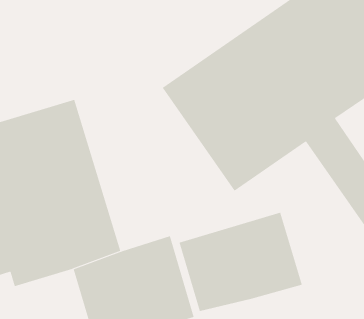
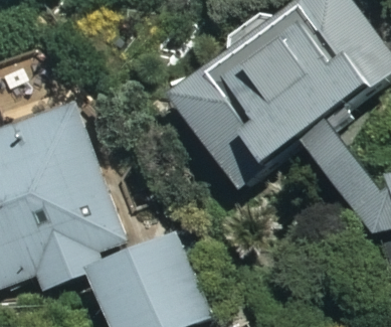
building: [179,212,302,312] -> none

